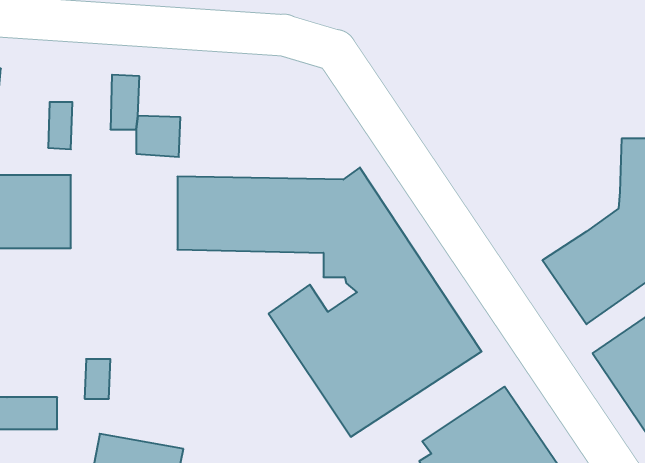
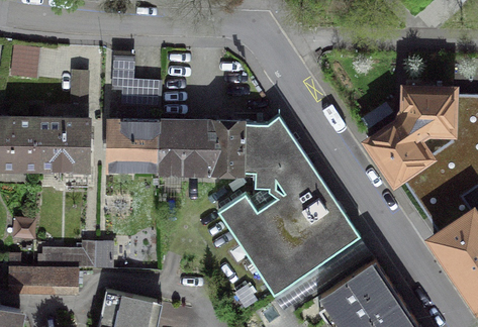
building: none -> [369,89,453,180]
building: none -> [108,121,158,170]
building: none -> [44,242,97,268]

